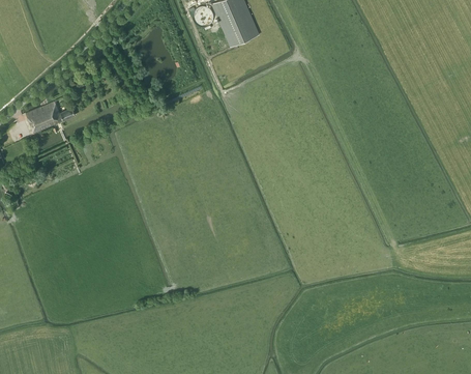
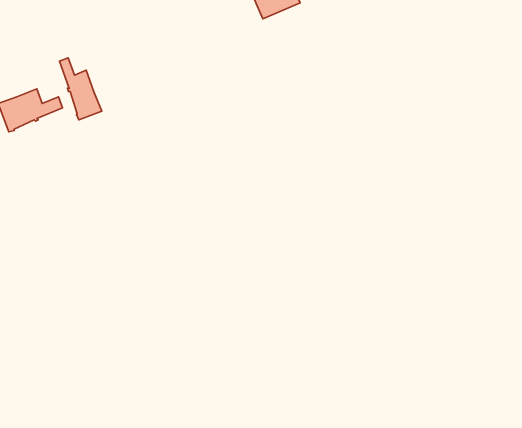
building: none -> [60,58,102,120]

